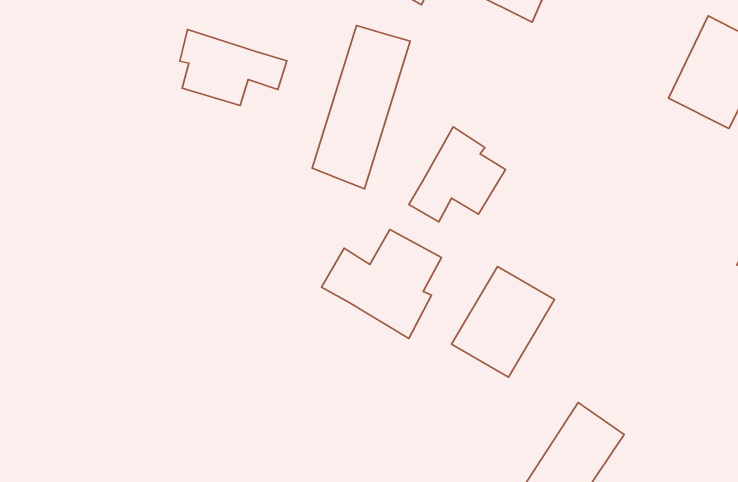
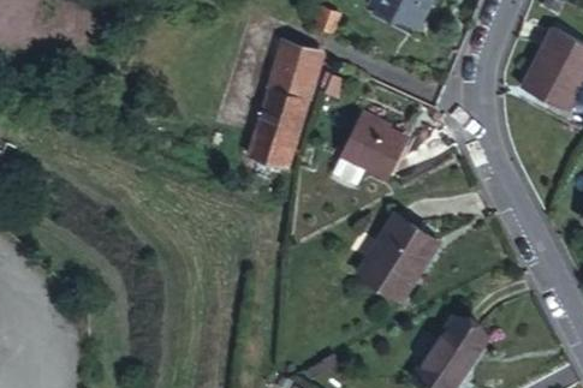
building: [180,29,287,105] -> none
building: [322,229,442,338] -> none

